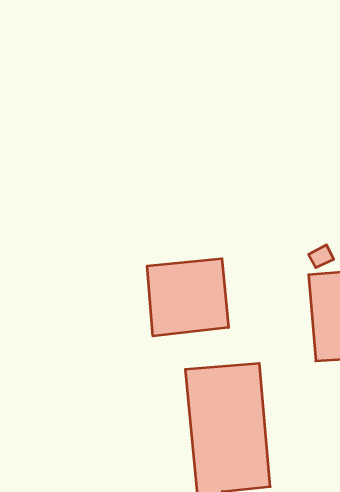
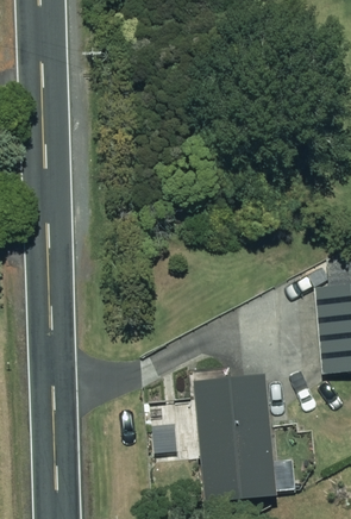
building: [147,259,228,336] -> none

